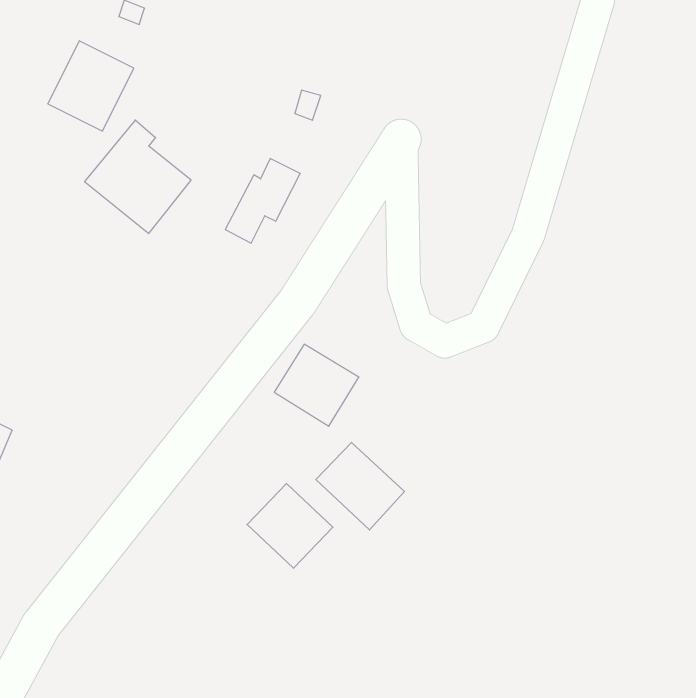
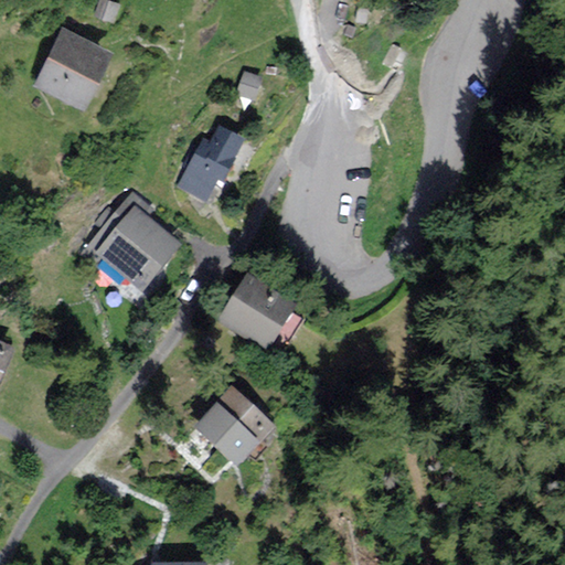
building: [85,120,191,234] -> [92,195,178,287]
building: [316,442,404,530] -> none

